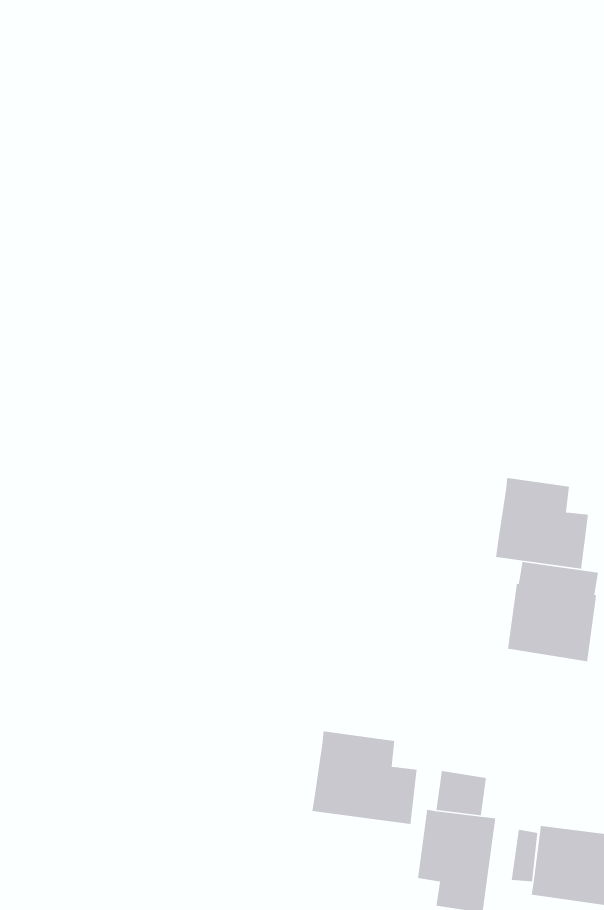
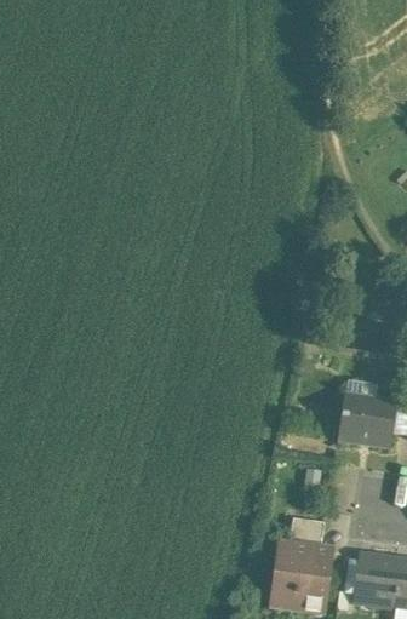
building: [495,477,589,569] -> none
building: [312,731,418,825] -> none

